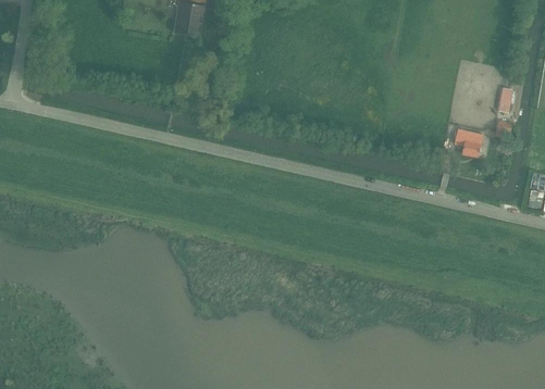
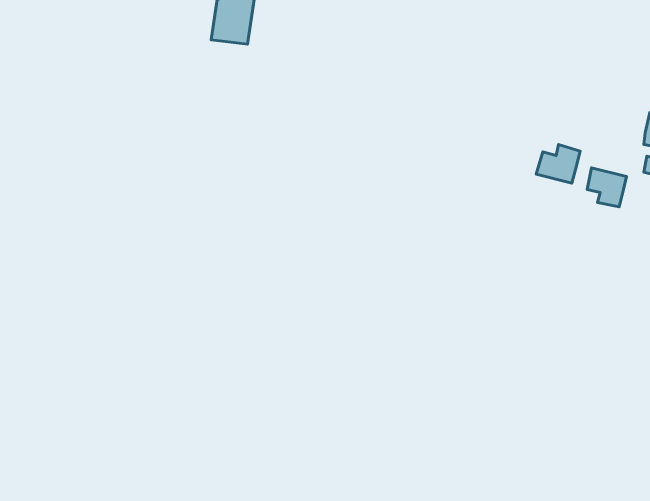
building: none -> [536,145,580,183]

